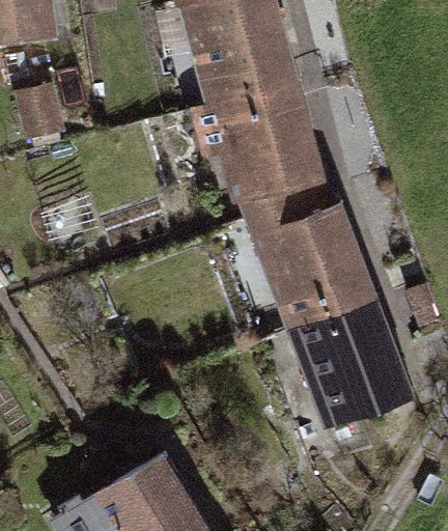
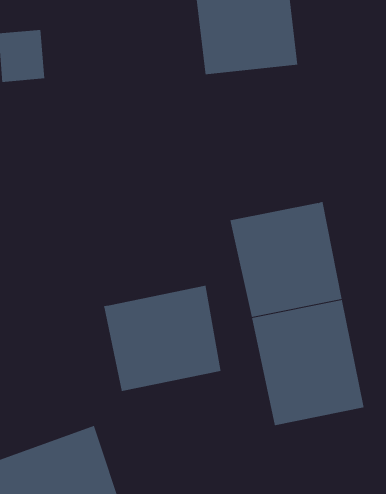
building: [211,79,337,235] -> none
building: none -> [104,285,221,392]

